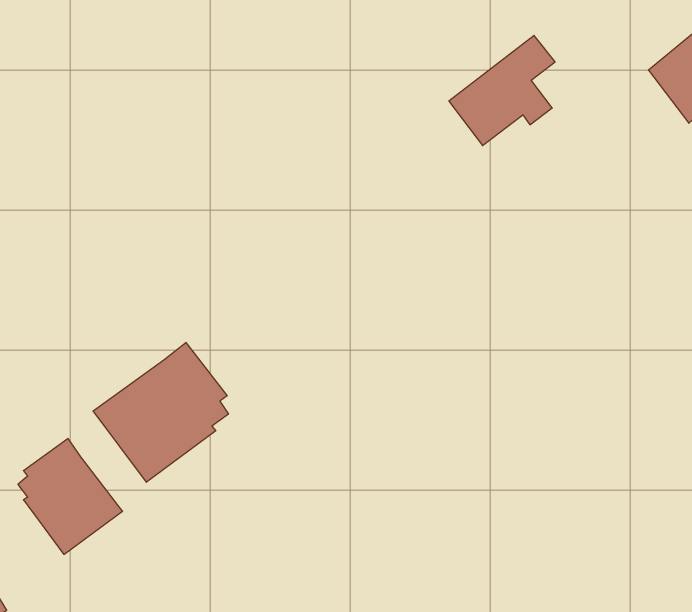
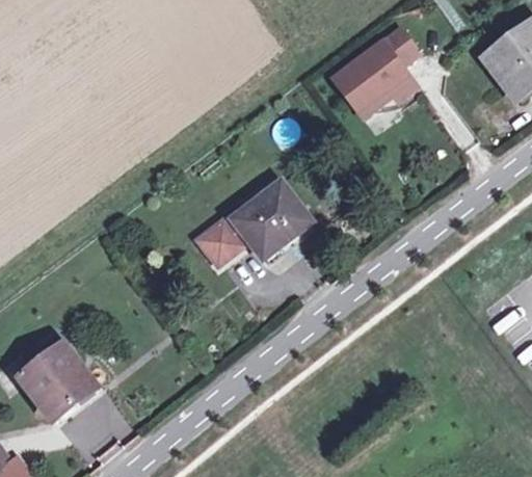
building: none -> [198,183,311,263]
building: [93,342,228,482] -> none

